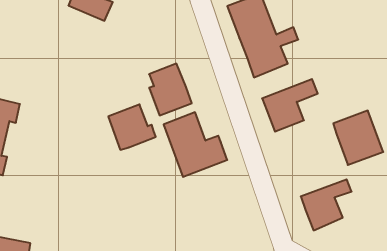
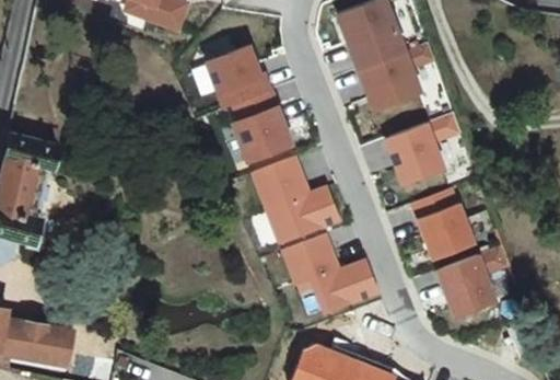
building: [108,104,156,150] -> [206,46,270,107]
building: [333,111,383,165] -> [415,186,482,260]
building: none -> [280,233,381,313]

